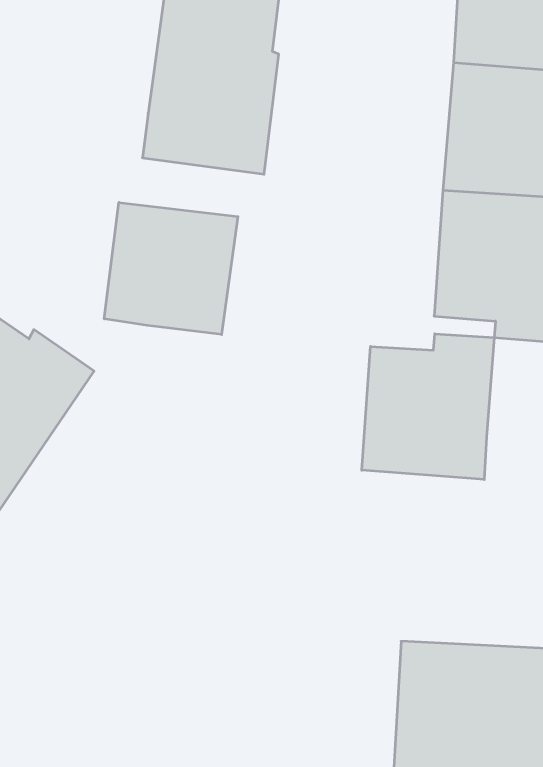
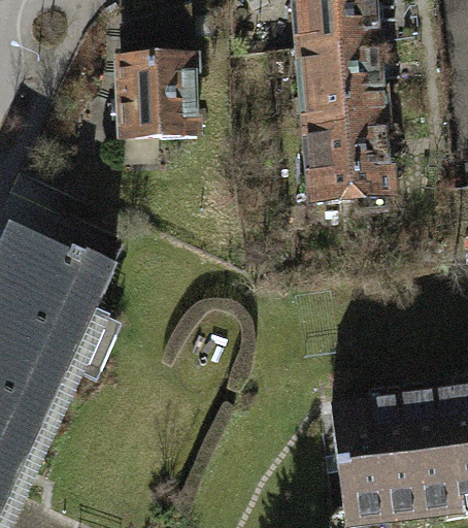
building: [104,202,238,335] -> none
building: [362,334,494,480] -> none

